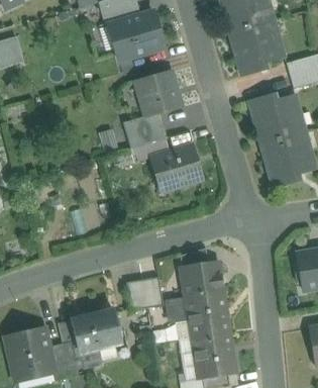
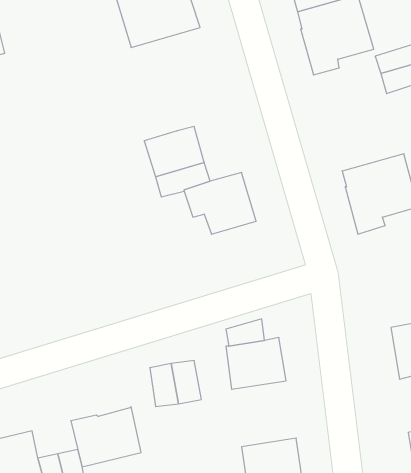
building: [136,71,181,115] -> none
building: [248,94,306,143] -> none
building: [167,291,230,337] -> none

